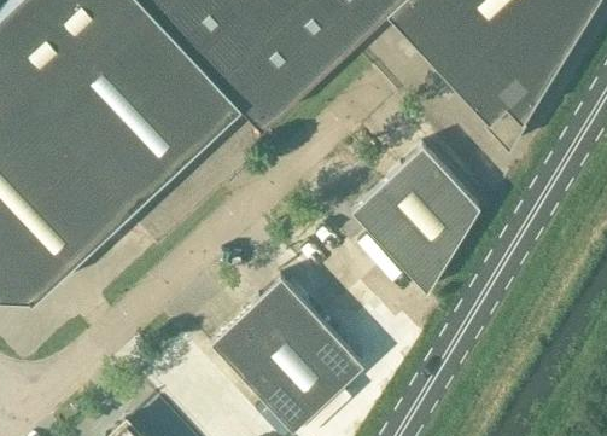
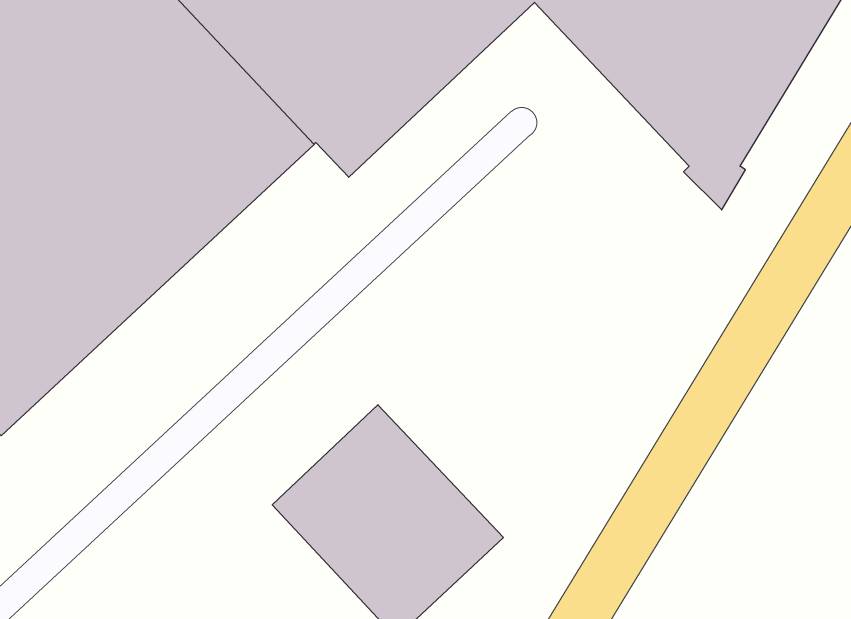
building: [352,146,480,293] -> none

